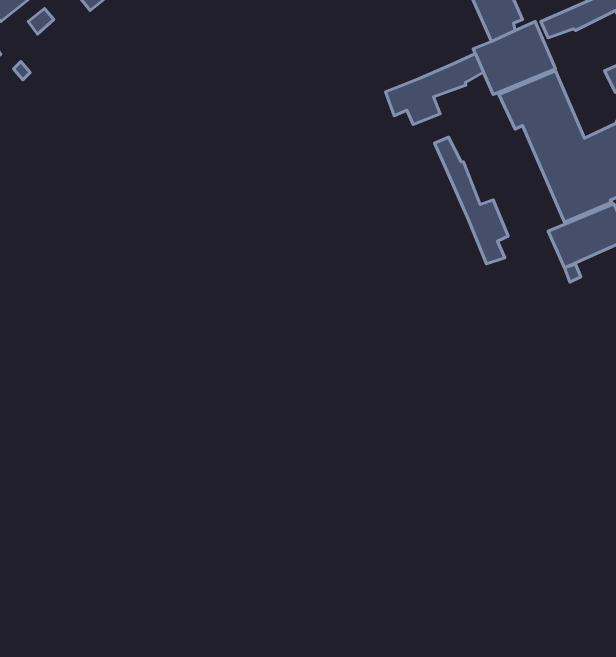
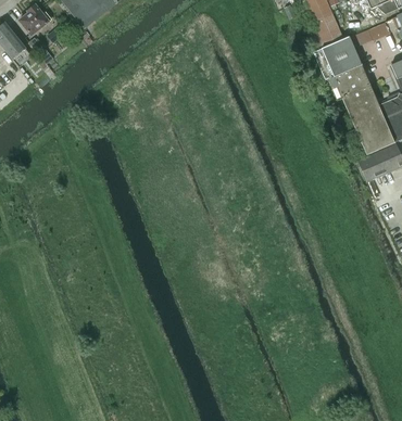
building: [386,54,483,125] -> none
building: [435,137,508,264] -> none

